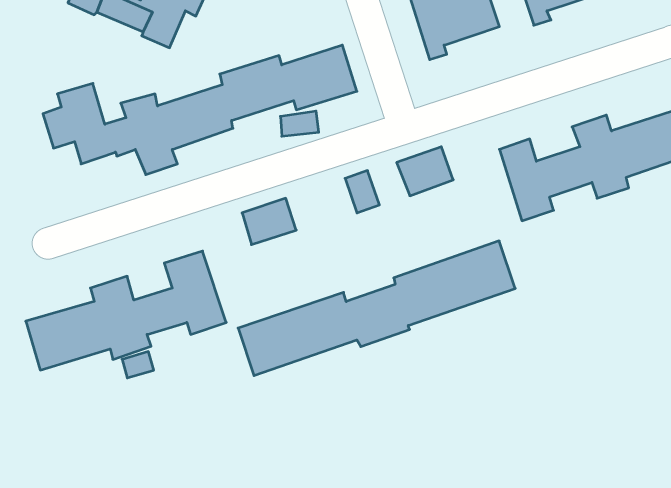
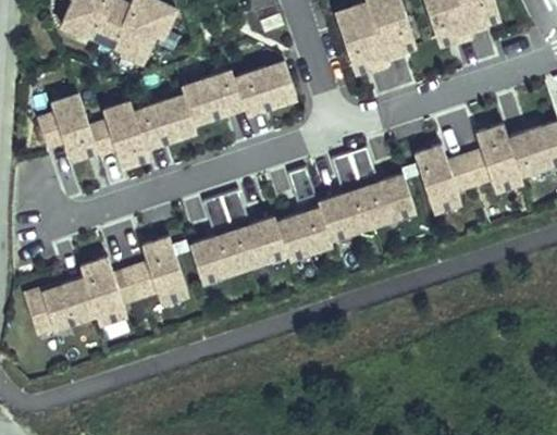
building: [238,241,515,376] -> [187,171,416,282]

